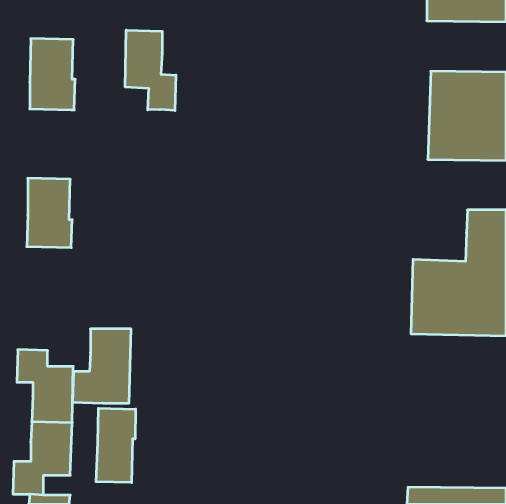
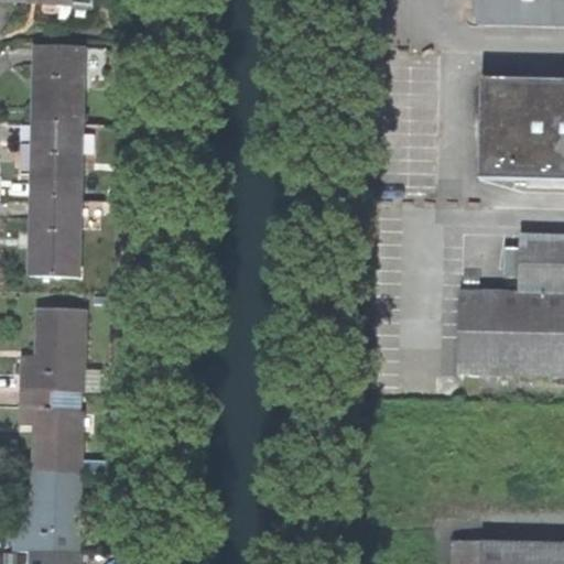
building: [125,30,176,111] -> none
building: none -> [31,121,82,199]
building: [73,329,131,403] -> [20,307,85,390]
building: [96,408,136,483] -> none

